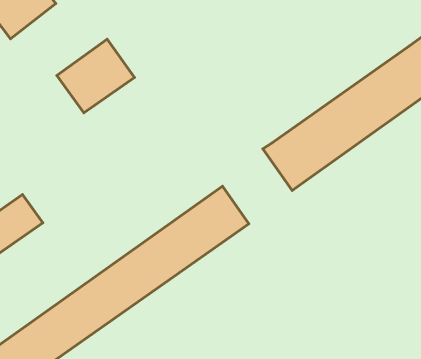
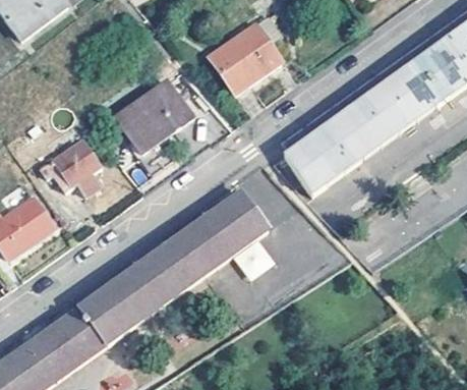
building: none -> [213,17,285,95]
building: [57,39,134,113] -> [119,80,197,155]
building: none -> [50,141,106,197]

